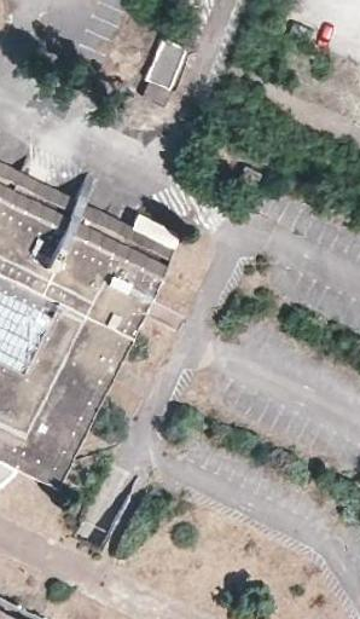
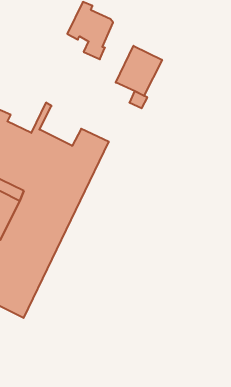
building: none -> [116,46,162,96]

